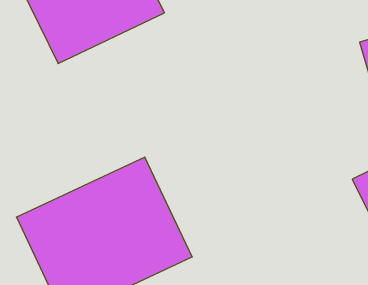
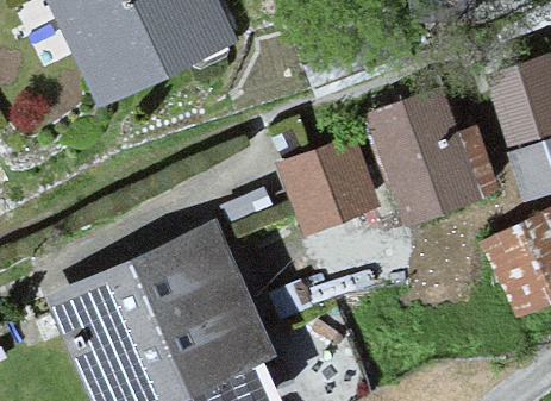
building: none -> [369,88,481,223]
building: none -> [277,139,376,237]

